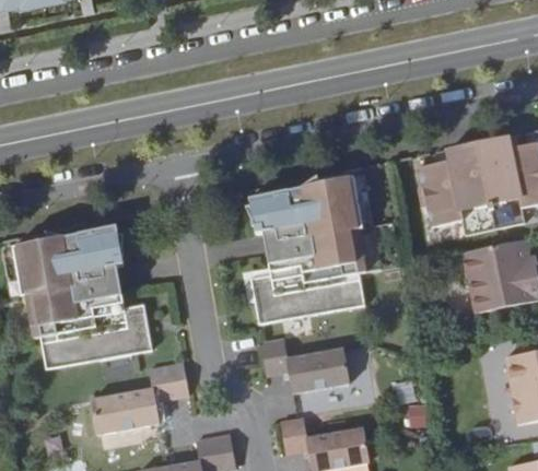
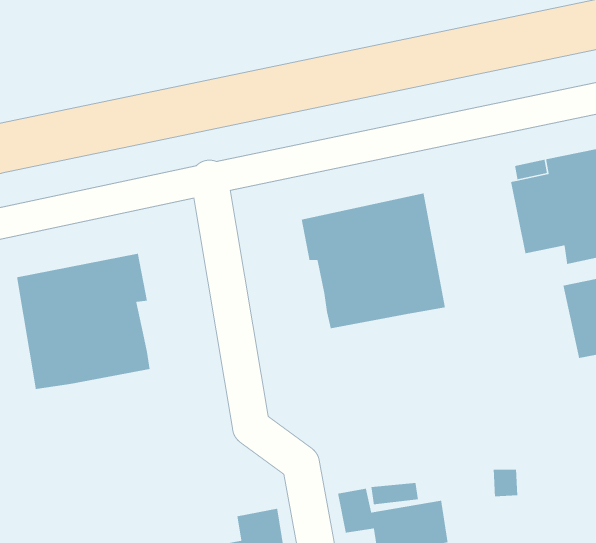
building: [252,274,343,323] -> none
building: [62,305,153,365] -> none
building: [260,338,351,392] -> none
building: [90,363,189,433] -> none

